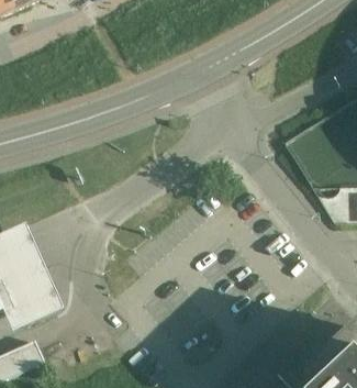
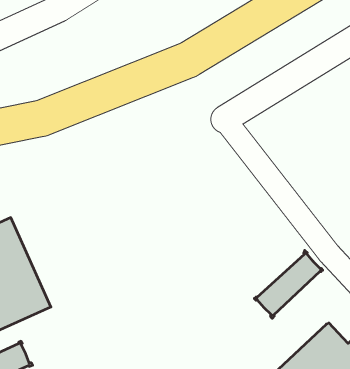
building: none -> [254,250,323,318]

